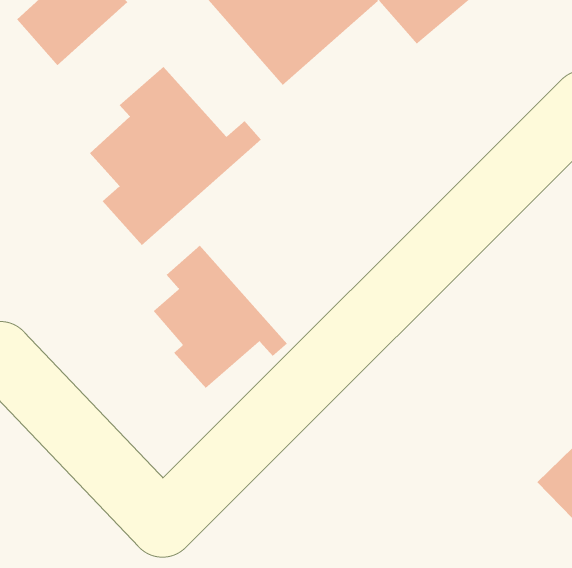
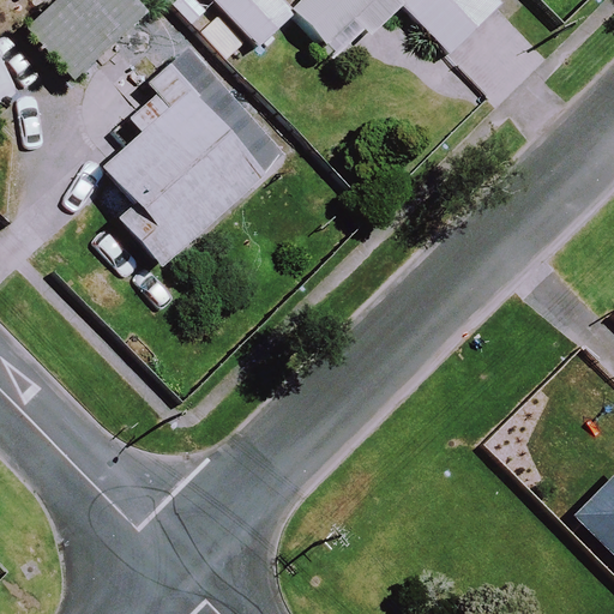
building: [153,245,288,389] -> none

